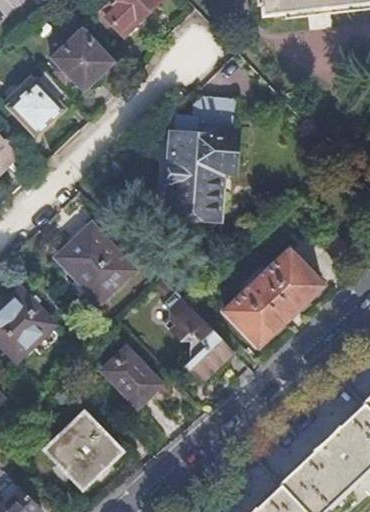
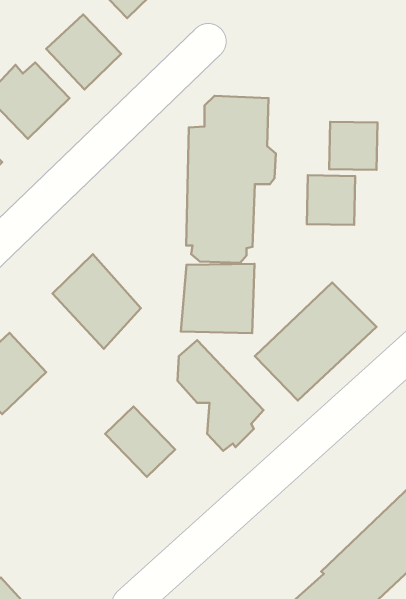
building: none -> [329,122,378,170]
building: none -> [307,175,355,225]
building: none -> [181,264,255,333]
building: [43,413,120,490] -> none

